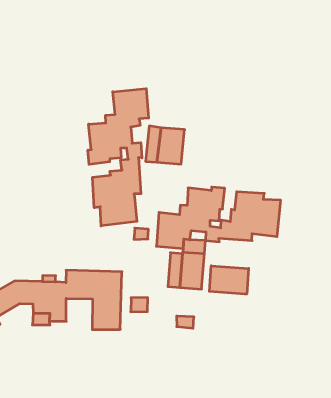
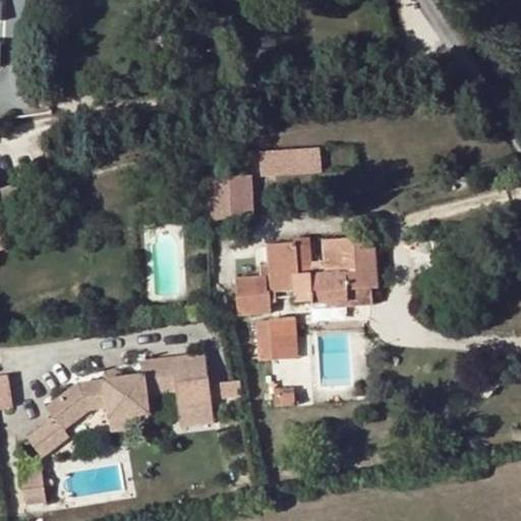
building: [88,89,149,226] -> none
building: none -> [260,149,321,176]
building: [209,266,249,294] -> none

